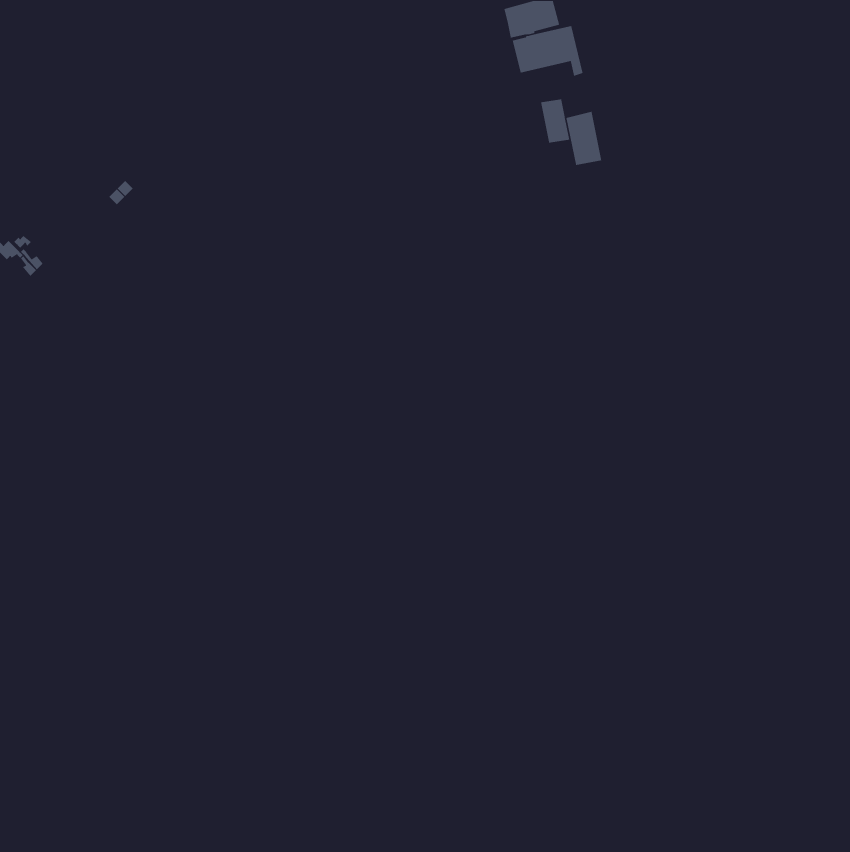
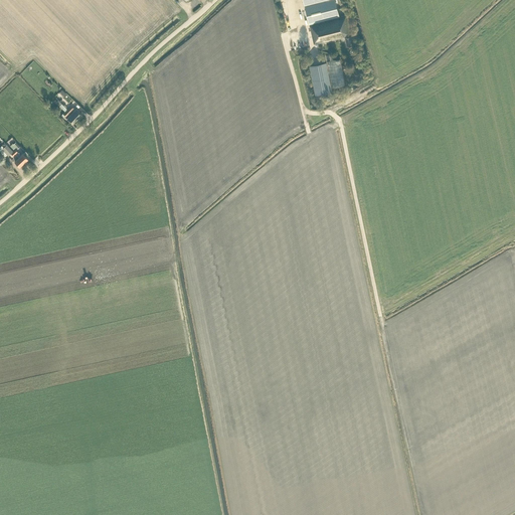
building: [566,111,602,166] -> [309,61,331,95]

